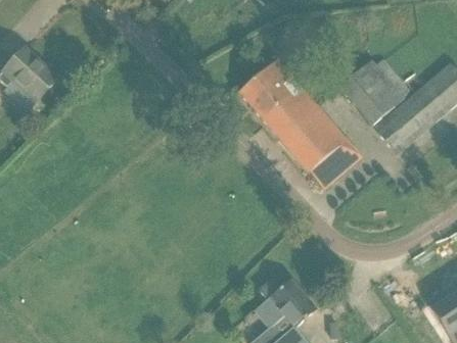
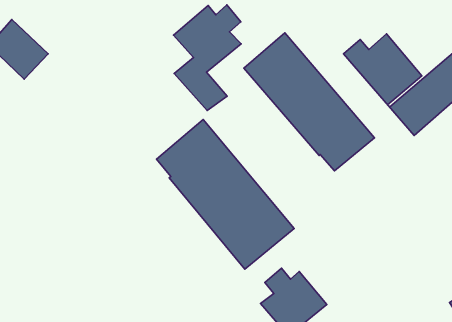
building: none -> [174,5,241,110]
building: none -> [156,119,294,269]

